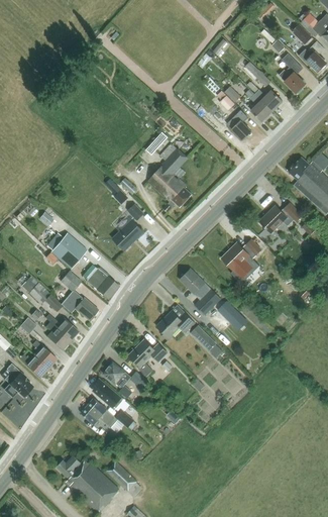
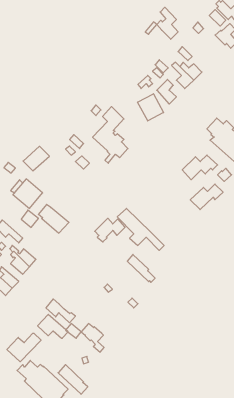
building: [279,54,305,93] -> [157,7,178,39]
building: none -> [138,94,164,121]
building: [112,220,144,250] -> [23,146,49,171]
building: [220,239,260,271] -> [190,184,223,210]
building: [64,292,98,321] -> none
building: [156,311,194,340] -> [95,218,125,242]
building: [128,340,168,378] -> none
building: [103,363,131,398] -> [81,324,104,352]
building: none -> [7,333,41,362]

